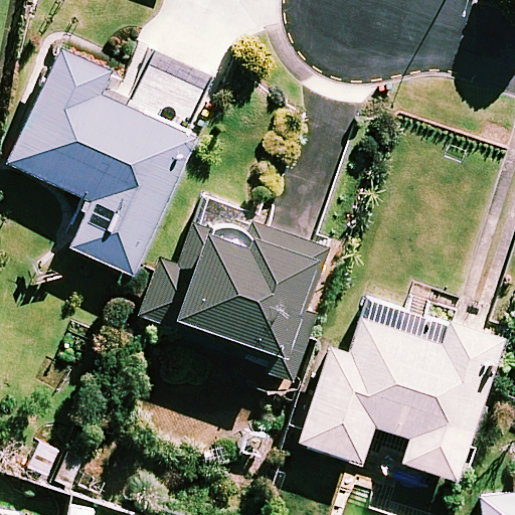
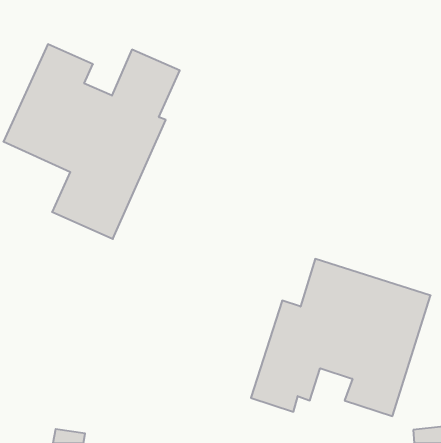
building: [144,200,330,359] -> none

